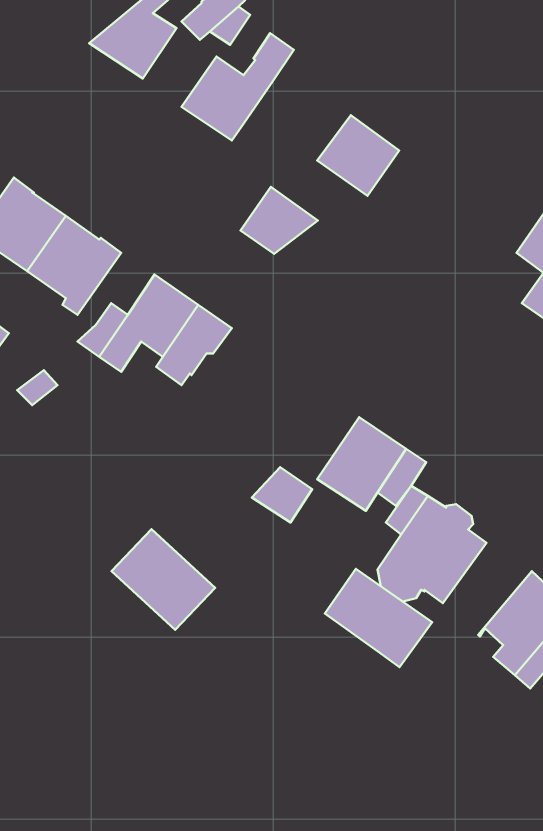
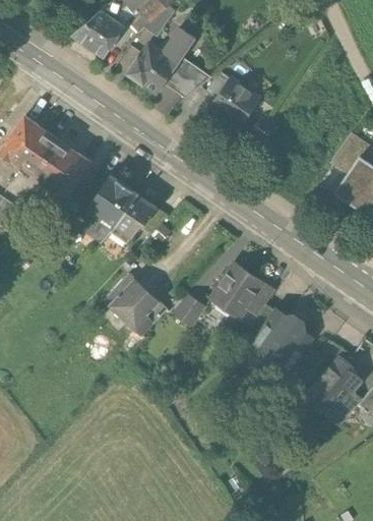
building: [241,187,318,254] -> [165,57,211,98]
building: [111,529,215,630] -> [105,274,168,335]
building: [325,569,432,667] -> none

